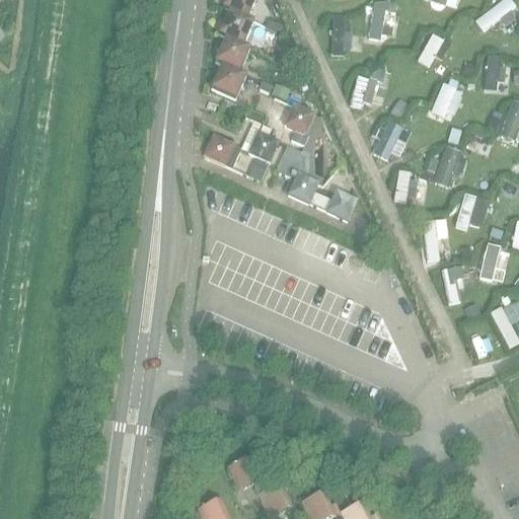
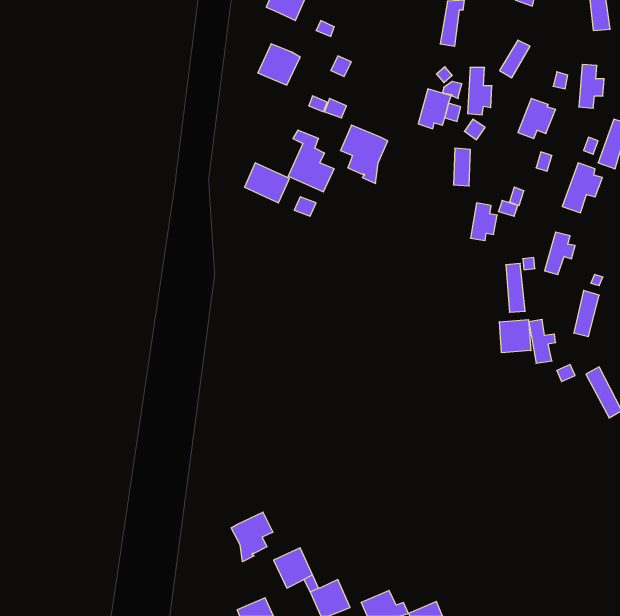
building: [219,9,254,44] -> none
building: [330,15,351,55] -> [468,67,492,115]
building: [213,64,247,98] -> none
building: [276,145,324,203] -> none
building: [433,146,466,188] -> [562,163,602,213]
building: [327,191,357,220] -> none
building: none -> [499,320,531,353]
building: none -> [231,512,273,562]

